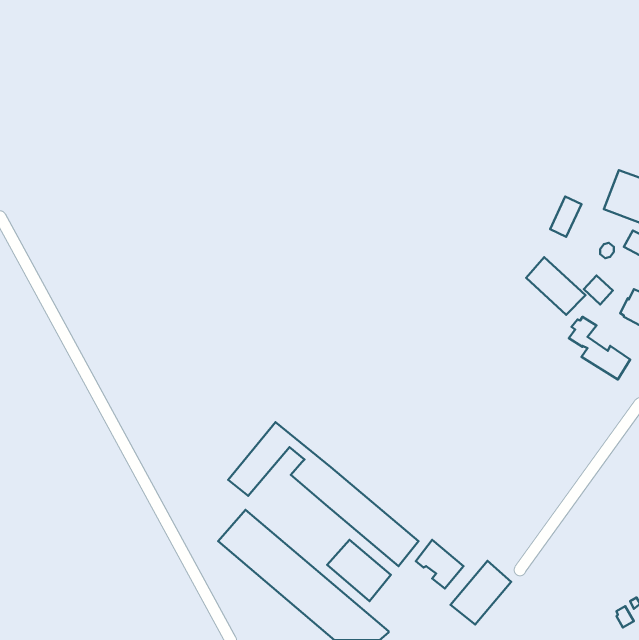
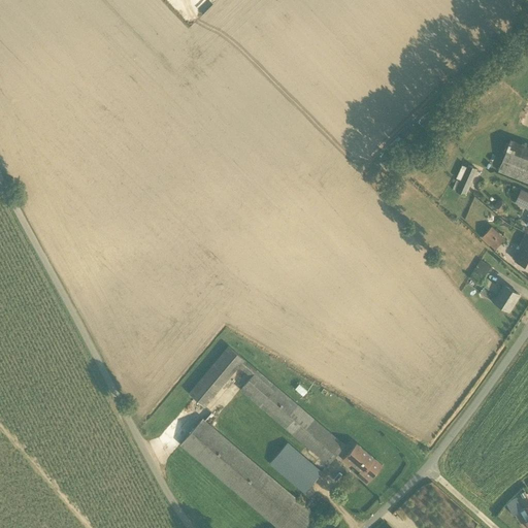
building: [526,257,585,315] -> none
building: [450,561,511,625] -> none

